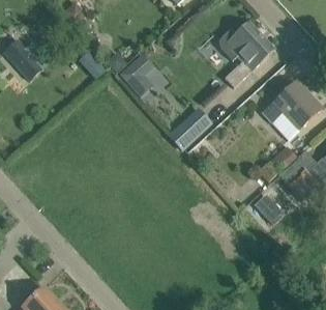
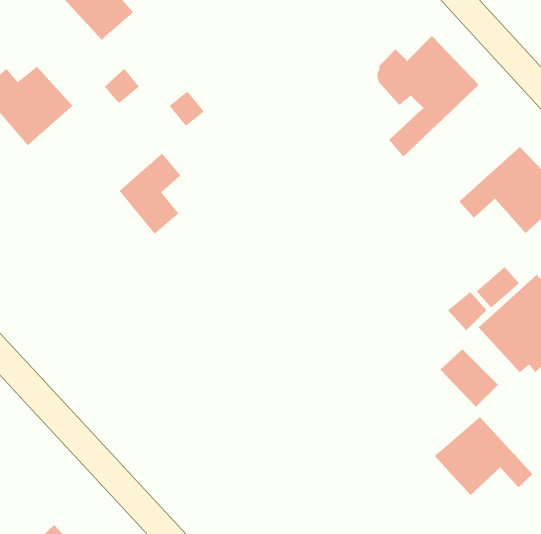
building: [119,51,153,95] -> [118,153,181,235]
building: [169,108,209,147] -> none
building: none -> [434,416,533,496]

